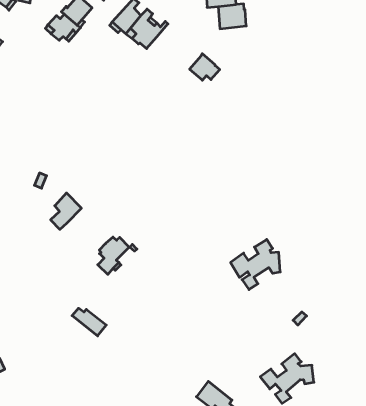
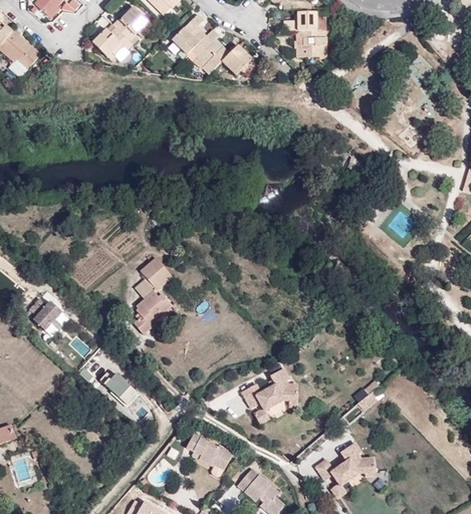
building: [190,54,220,80] -> [221,43,256,74]
building: [51,193,81,229] -> [134,256,171,298]
building: [231,239,280,290] -> [240,368,297,426]
building: none -> [33,301,63,332]
building: none -> [187,434,233,469]

